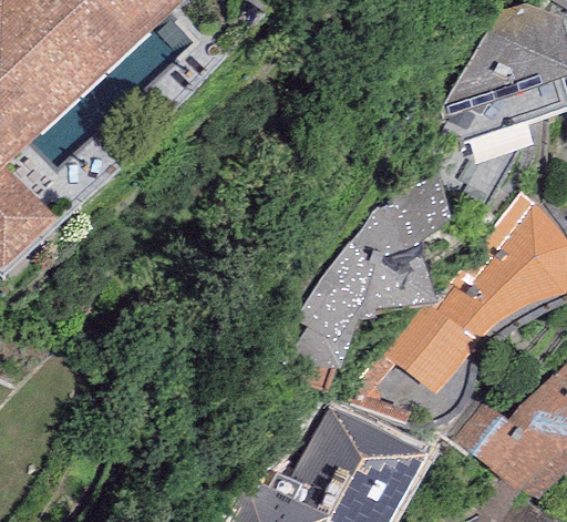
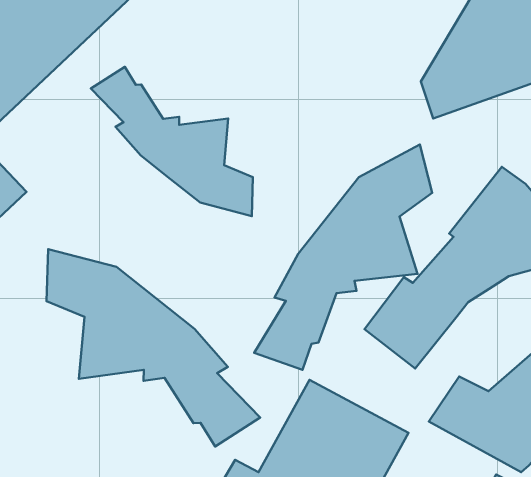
building: none -> [91,67,253,216]
building: none -> [46,249,260,447]

